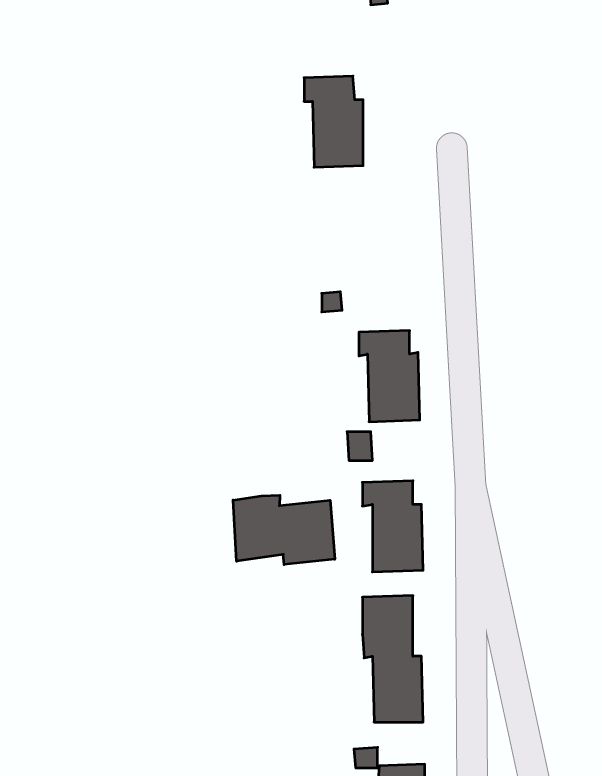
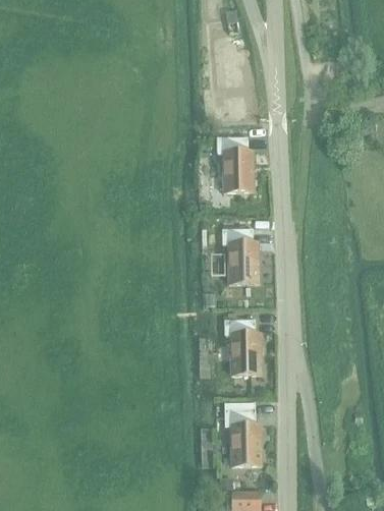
building: [304,76,363,167] -> [216,138,252,193]
building: [233,495,335,565] -> none

